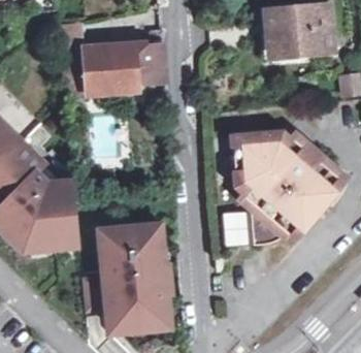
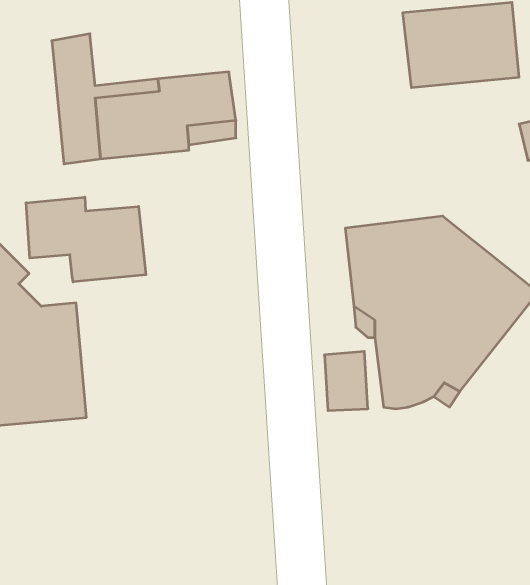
building: none -> [26,197,146,282]
building: [83,222,174,333] -> none

